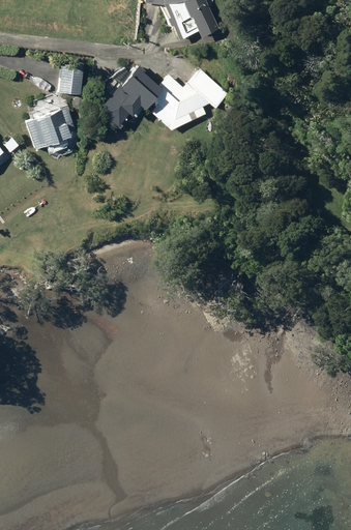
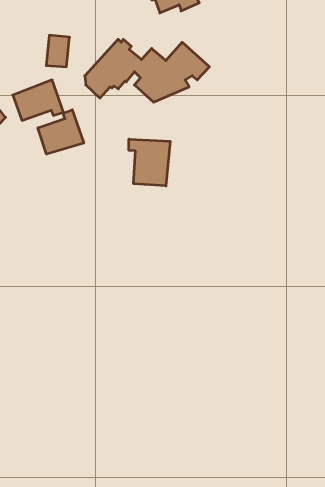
building: none -> [38,110,84,154]
building: none -> [129,139,170,186]

